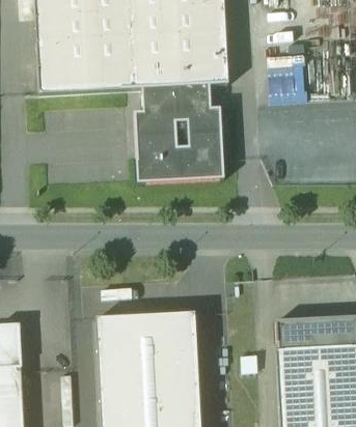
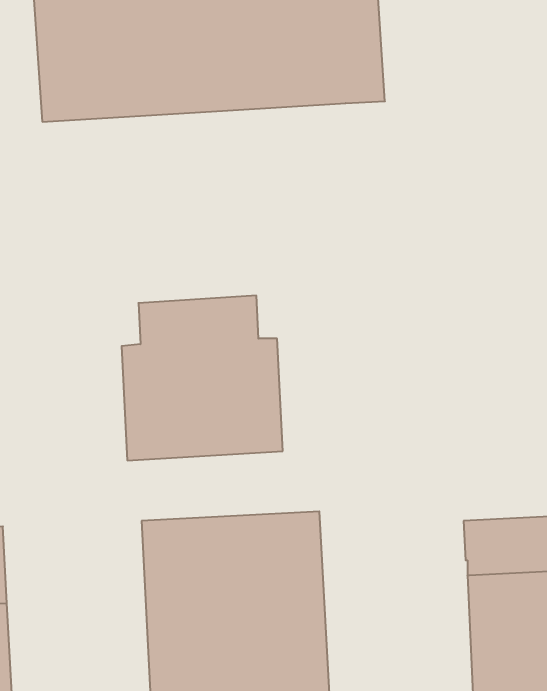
building: [134,88,223,179] -> [122,296,283,460]

